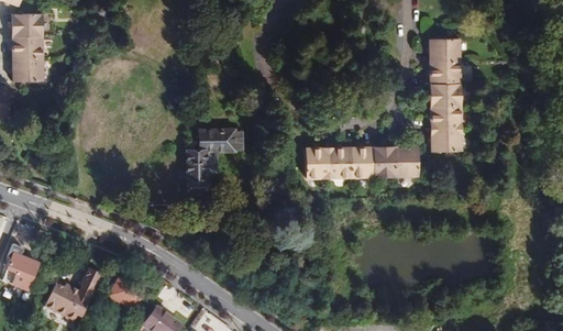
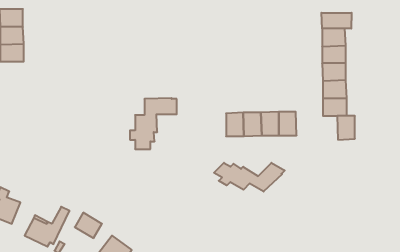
building: none -> [321,13,352,29]
building: [395,145,418,176] -> [337,116,355,140]
building: none -> [214,163,285,192]

